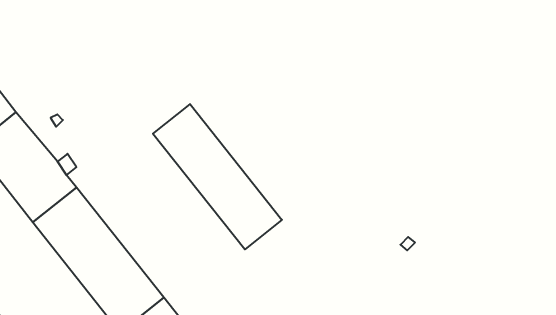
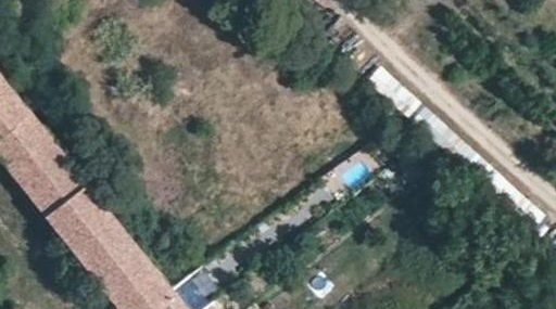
building: [153,104,282,249] -> none

